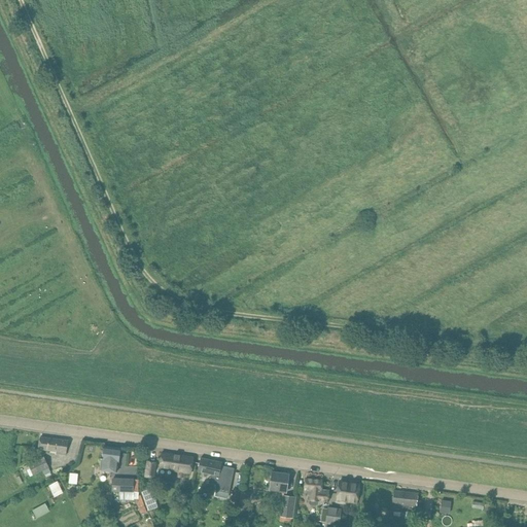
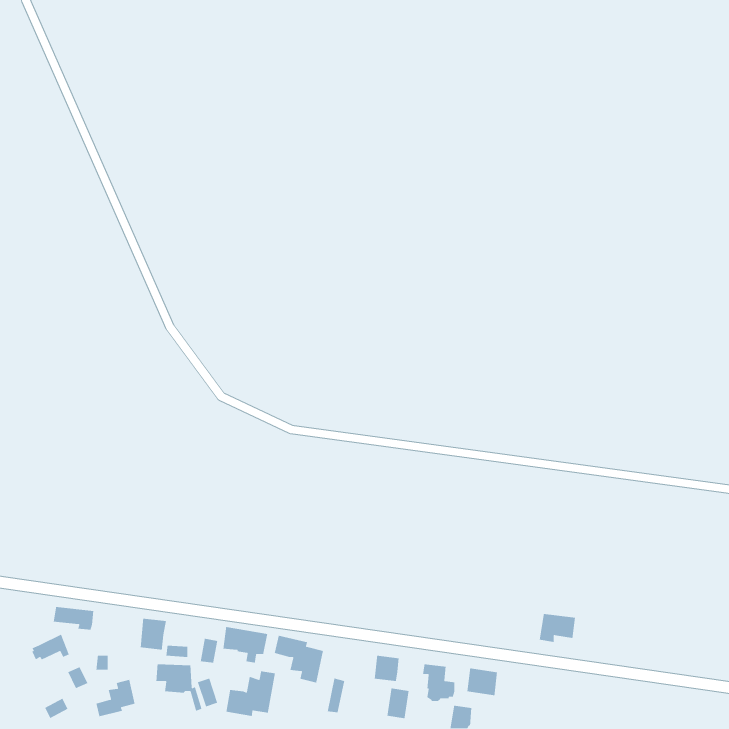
building: none -> [226,670,276,717]
building: none -> [95,679,136,717]
building: [391,491,418,513] -> [539,613,576,643]

